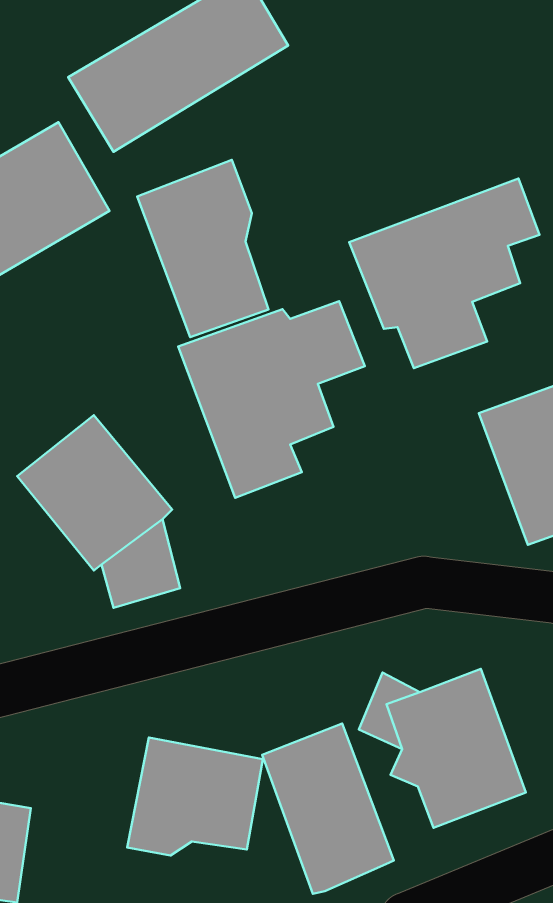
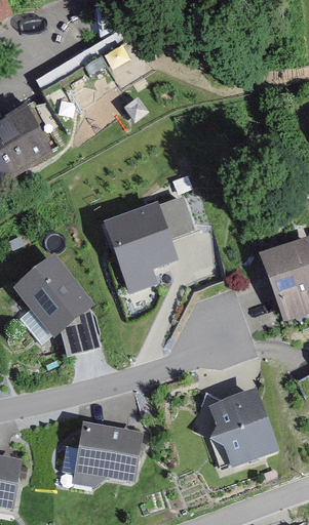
building: [137,160,269,337] -> none
building: [349,178,540,368] -> none
building: [262,723,394,894] -> none

